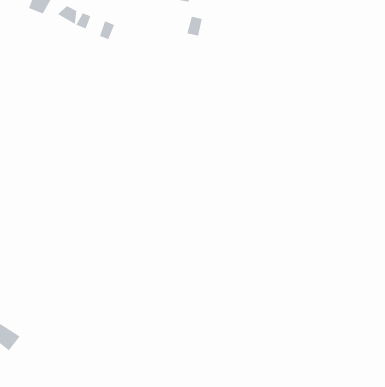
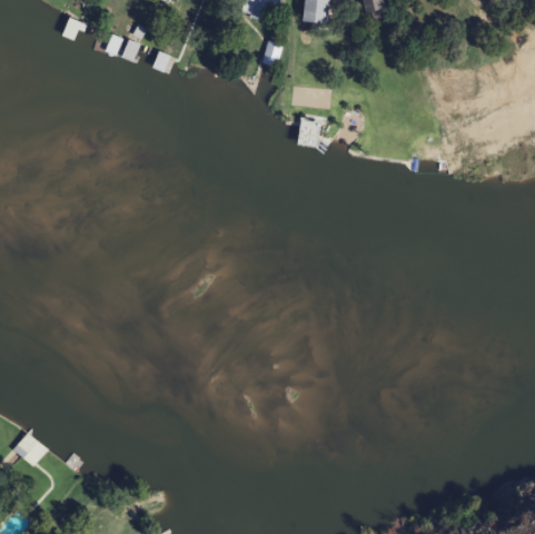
building: none -> [297,117,325,144]

